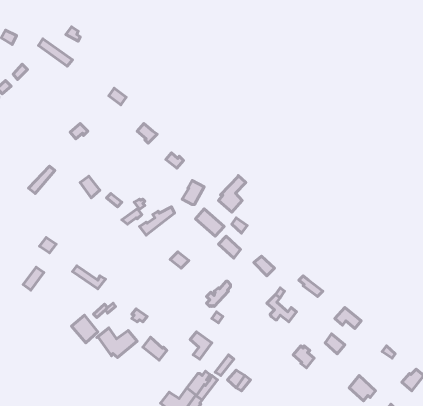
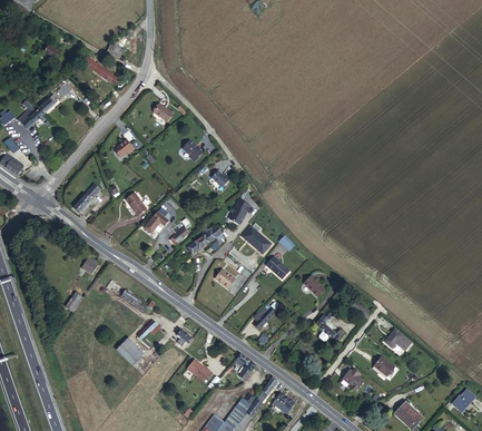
building: [219,176,246,212] -> none
building: [97,328,137,358] -> none

